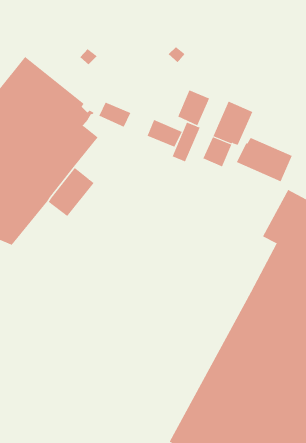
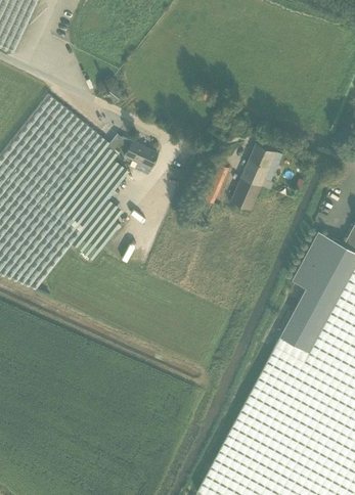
building: [178,89,210,126] -> none
building: [147,119,182,148] -> none
building: [236,137,293,182] -> none

